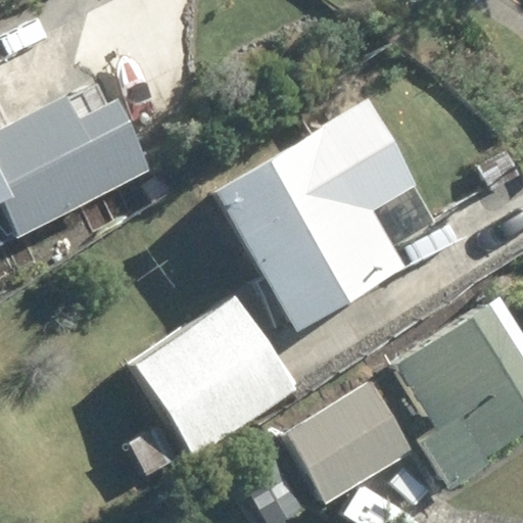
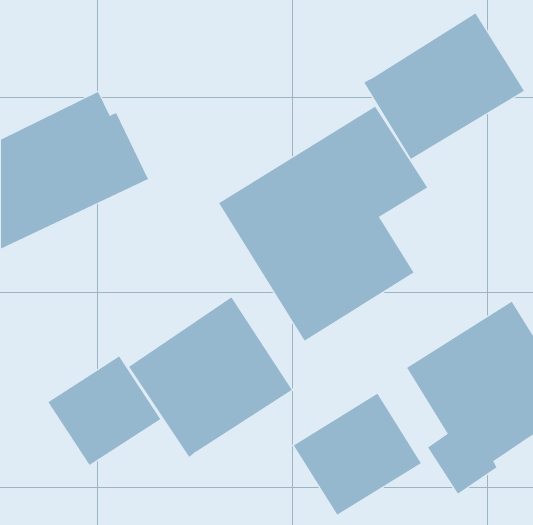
building: none -> [363,13,525,160]
building: none -> [48,356,161,466]

